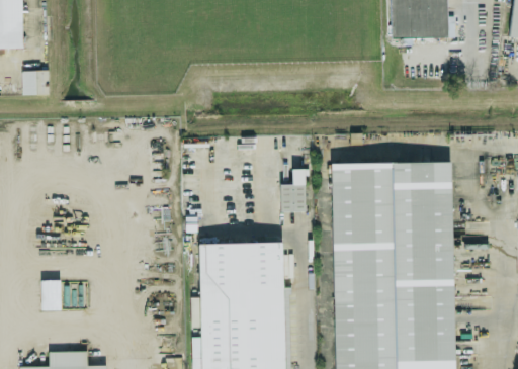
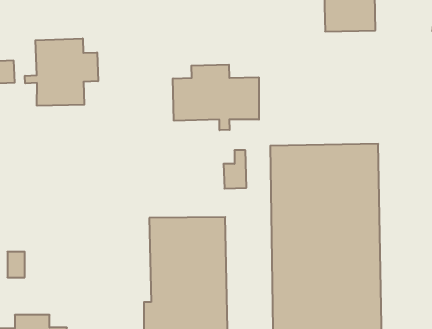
building: none -> [25,38,98,106]
building: none -> [173,65,259,130]

